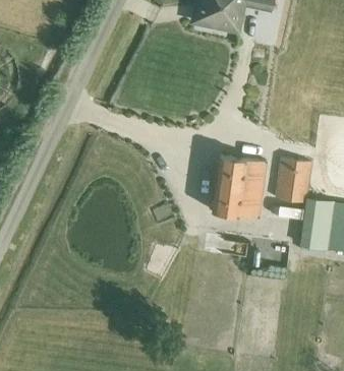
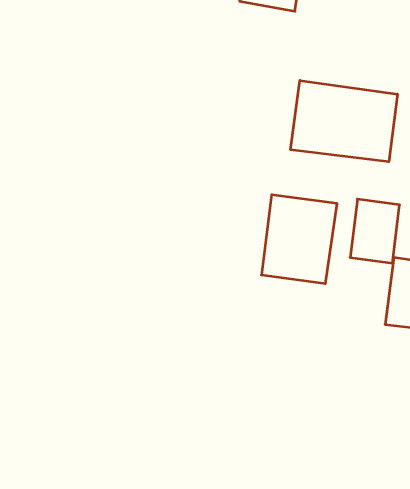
building: none -> [291,80,397,162]

